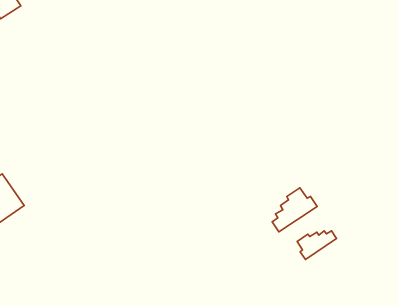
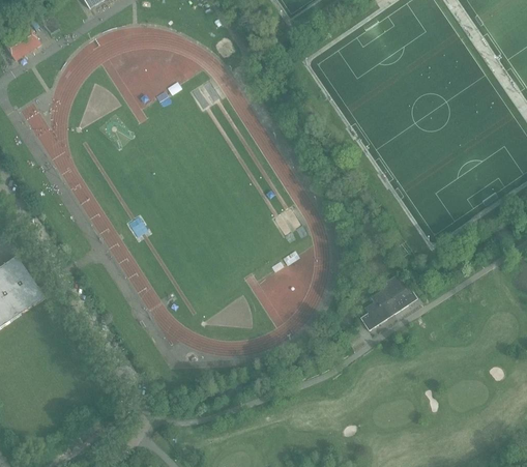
building: [297,231,337,260] -> none

